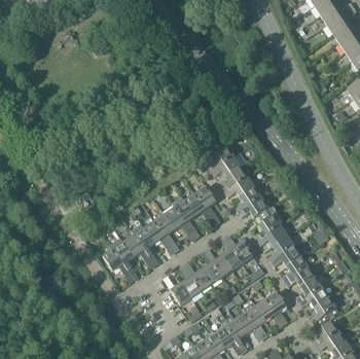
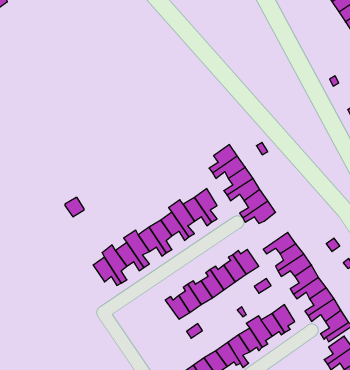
building: [254,205,280,241] -> none

